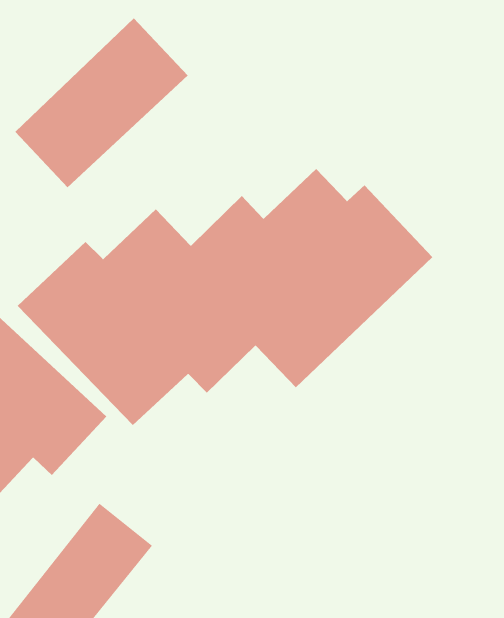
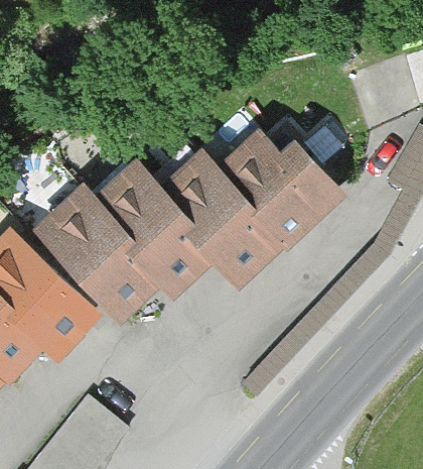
building: [15,18,188,188] -> none

